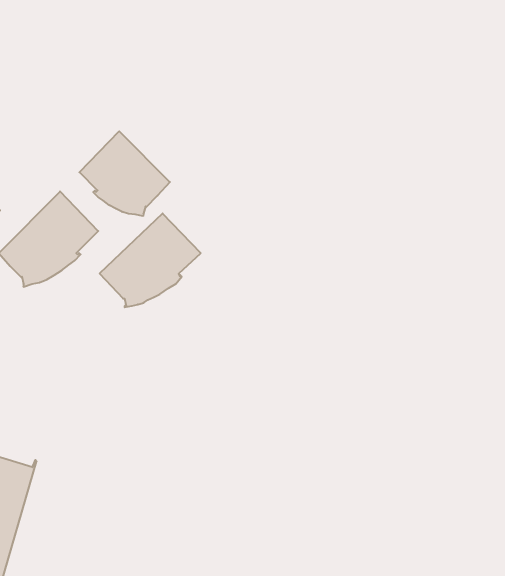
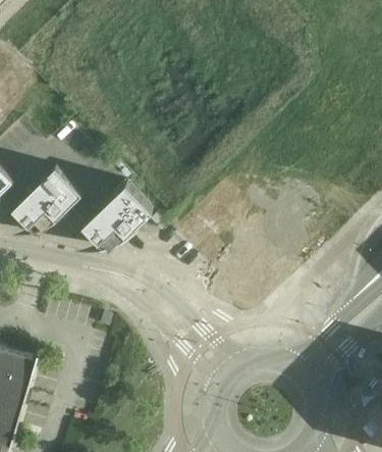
building: [79,131,170,216] -> none

